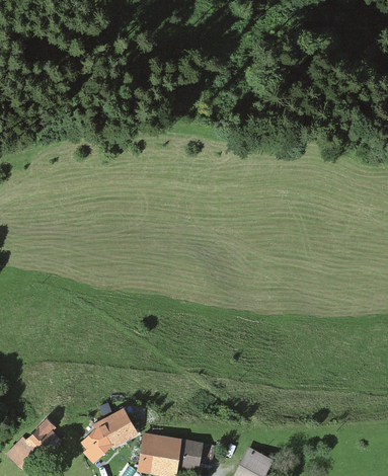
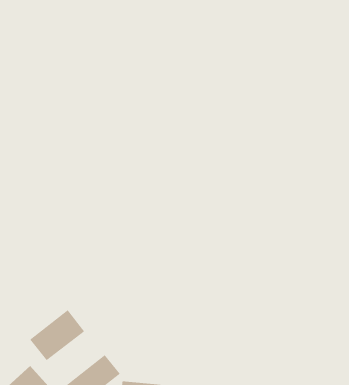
building: none -> [29,309,85,361]

